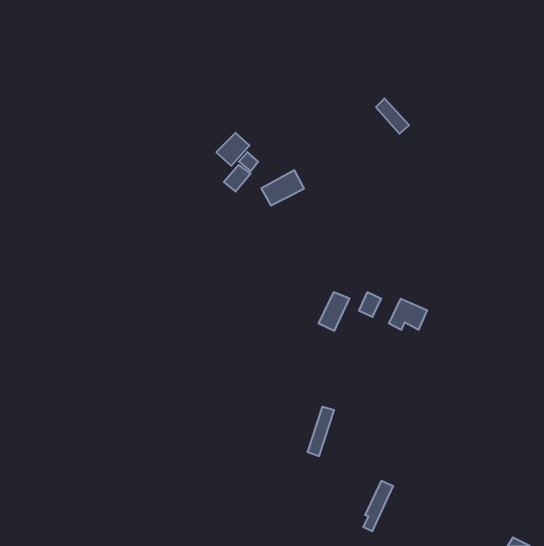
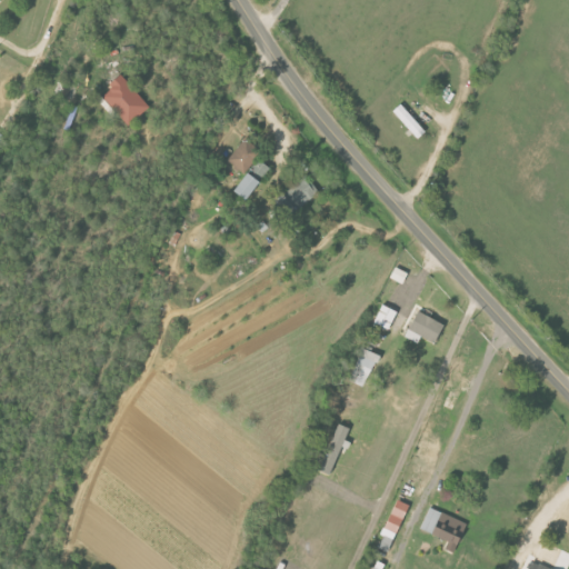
building: none -> [99,76,148,126]
building: [319,292,350,331] -> [346,347,378,387]
building: none -> [419,506,467,551]

